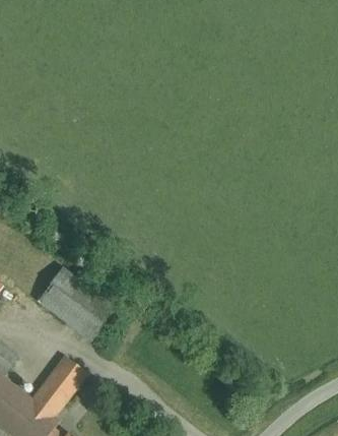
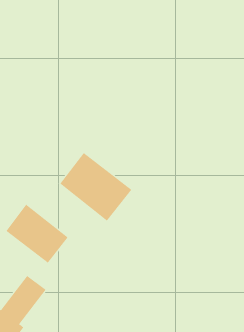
building: none -> [59,152,132,221]

